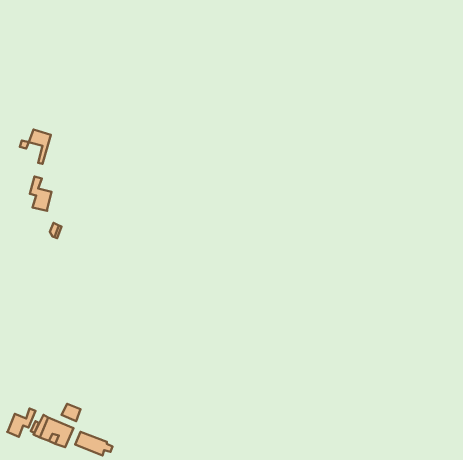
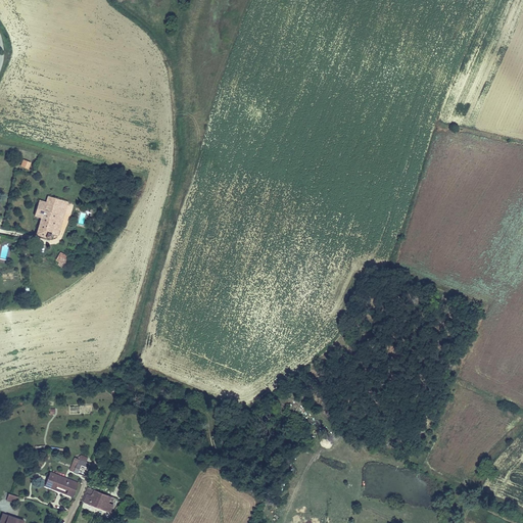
building: [29,129,51,164] -> [43,198,67,237]
building: [7,408,35,437] -> none

